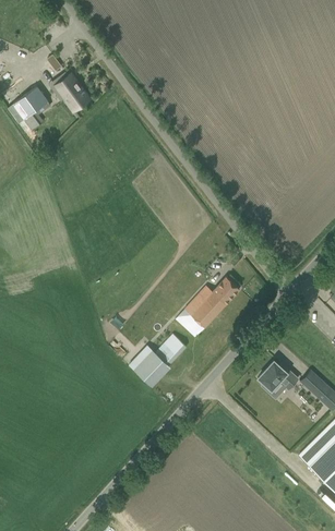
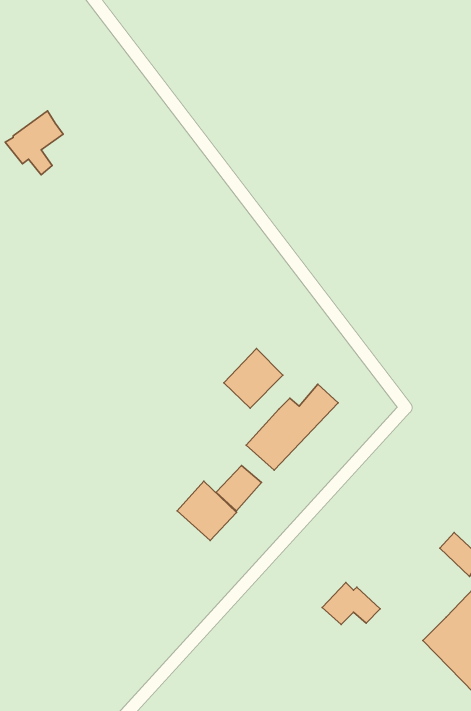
building: [56,74,89,111] -> none
building: none -> [224,348,283,408]
building: [258,361,298,390] -> [322,582,380,625]

